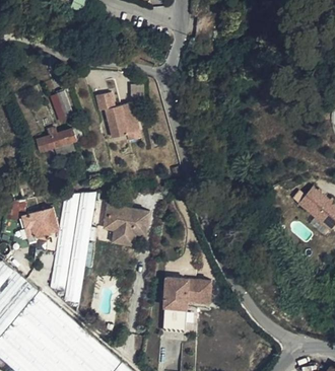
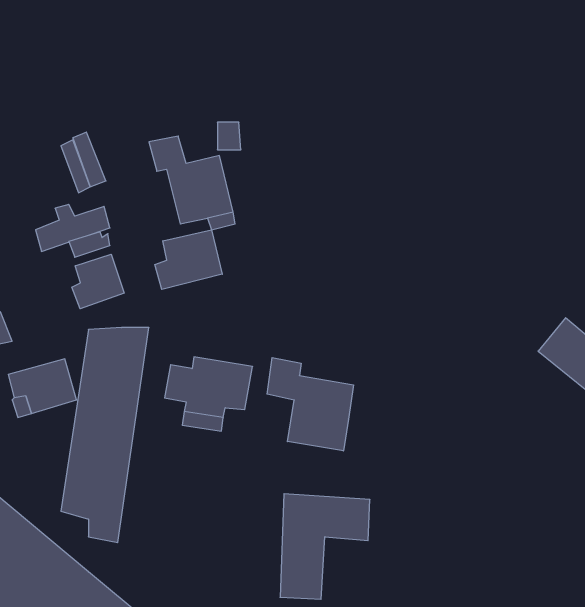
building: none -> [155,230,222,289]
building: none -> [72,254,124,309]
building: none -> [267,358,353,451]

